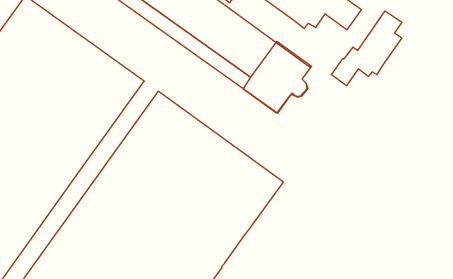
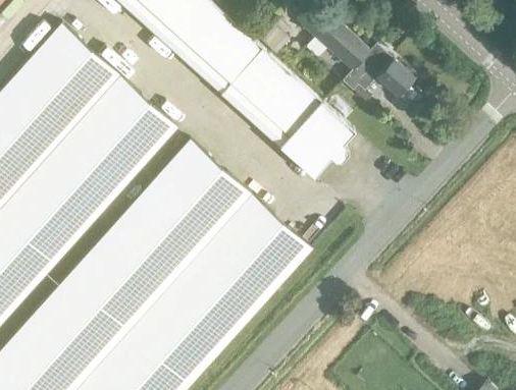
building: [331,11,402,86] -> none

